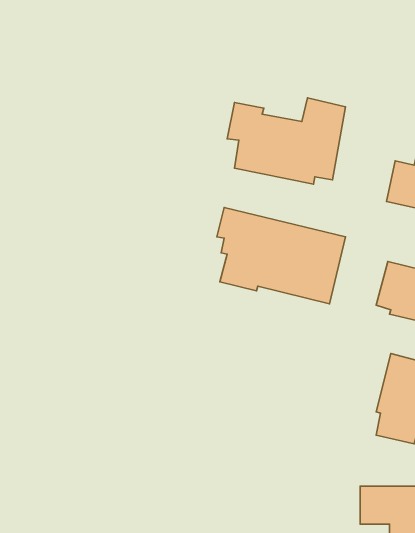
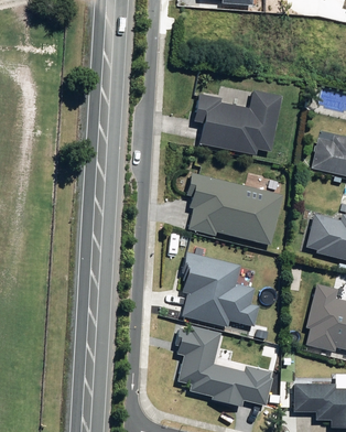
building: none -> [184,252,262,327]
building: none -> [175,326,271,407]

